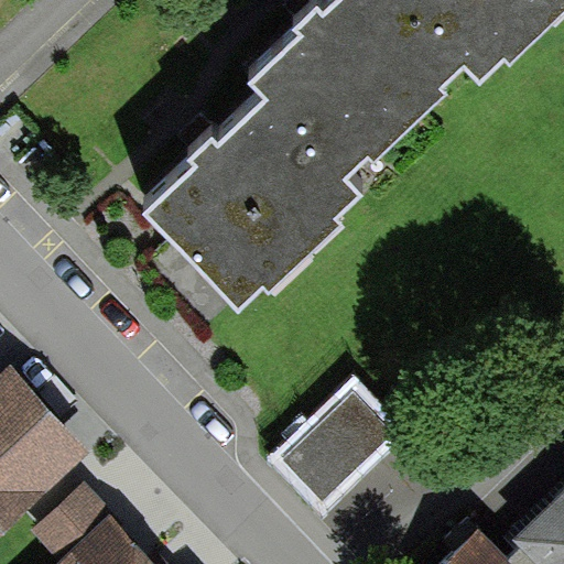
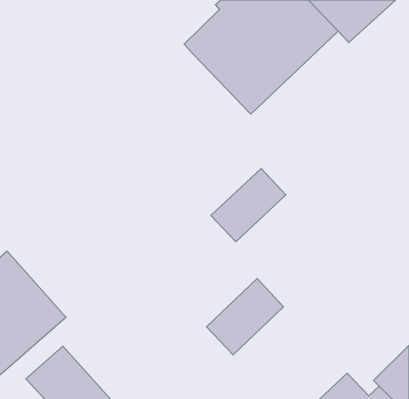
building: [148,90,359,304] -> none
building: none -> [211,169,286,242]

